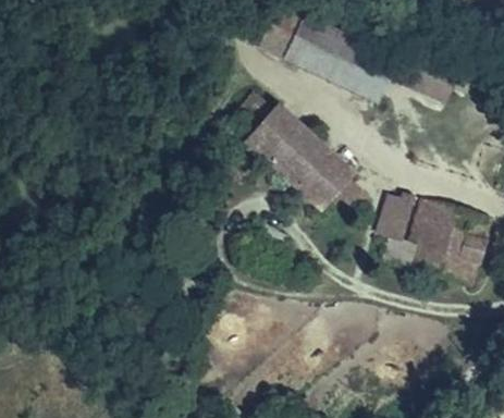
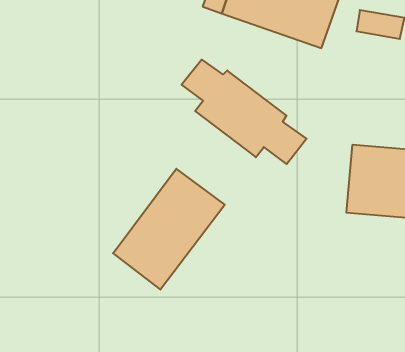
building: none -> [113,169,225,290]

